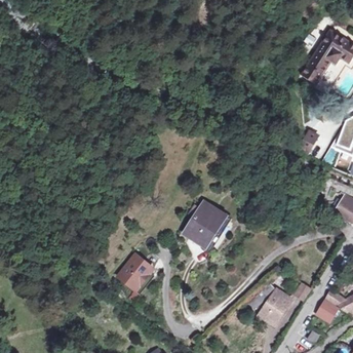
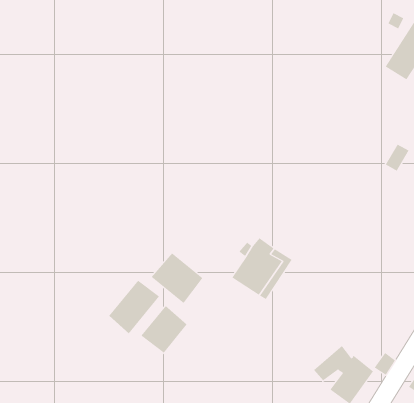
building: none -> [151,252,203,304]
building: none -> [108,280,160,334]

